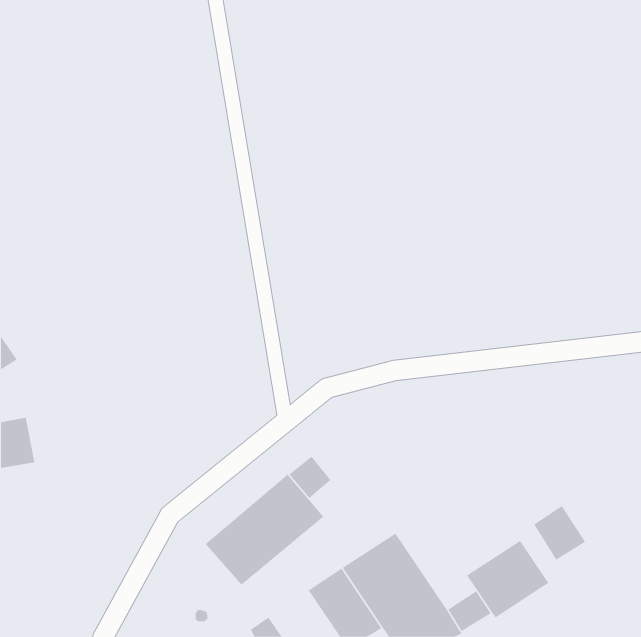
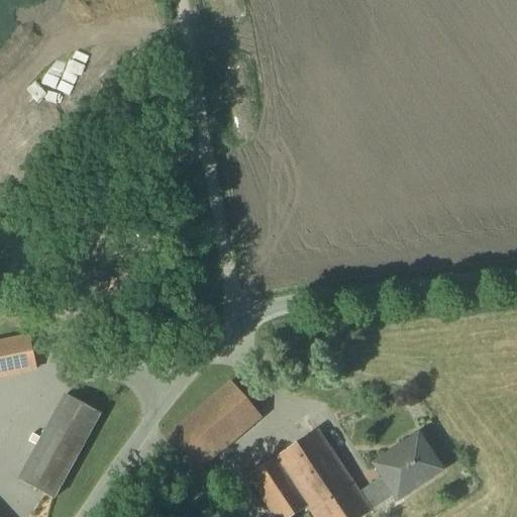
building: [288,456,331,499] -> none
building: none -> [18,393,102,502]
building: [533,505,586,560] -> none

